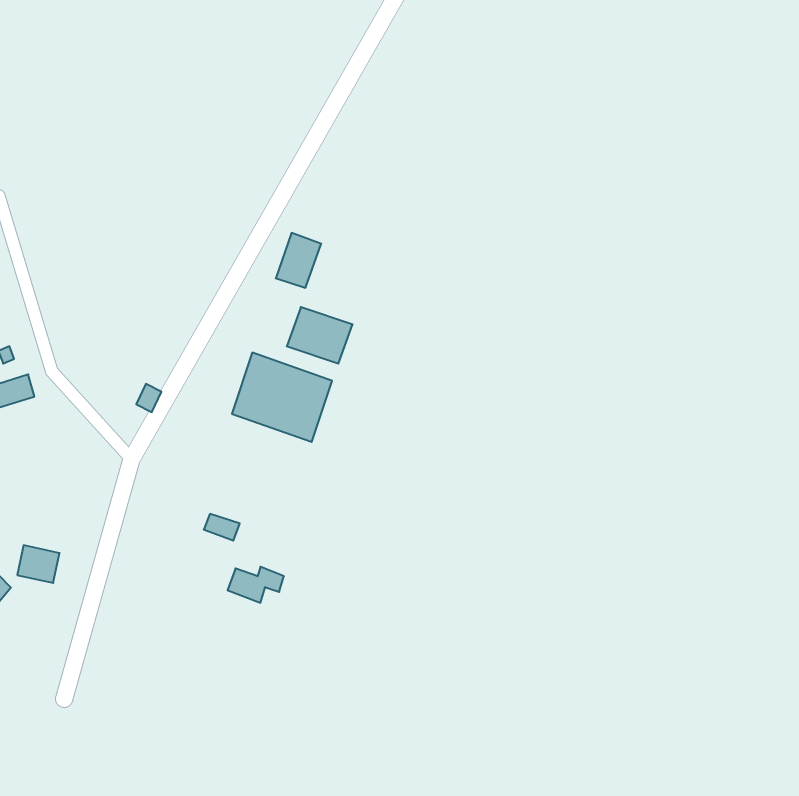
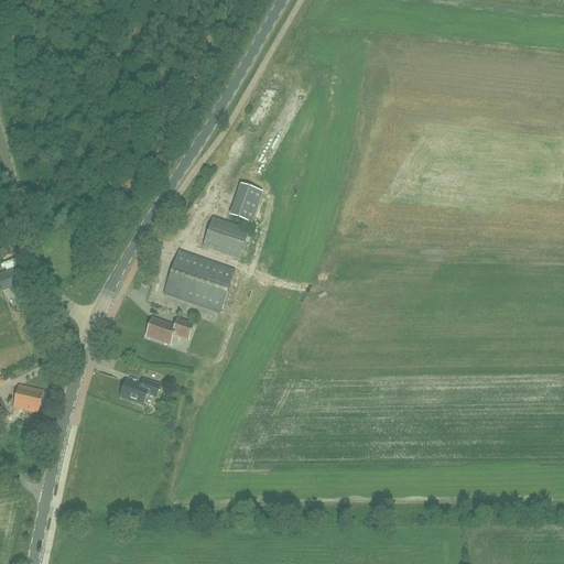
building: [276,233,321,288] -> [229,182,261,220]
building: none -> [145,316,192,343]
building: [228,567,284,603] -> [119,377,159,402]

